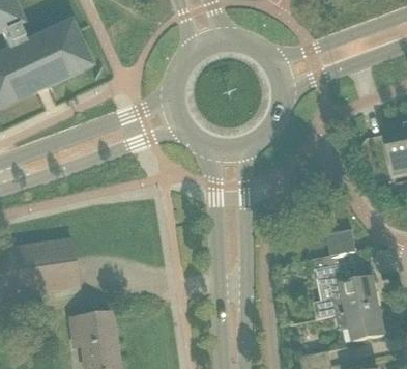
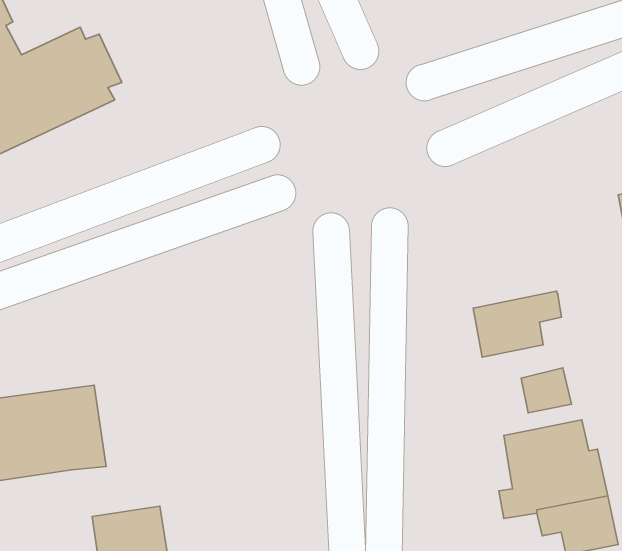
building: none -> [473,291,562,357]

